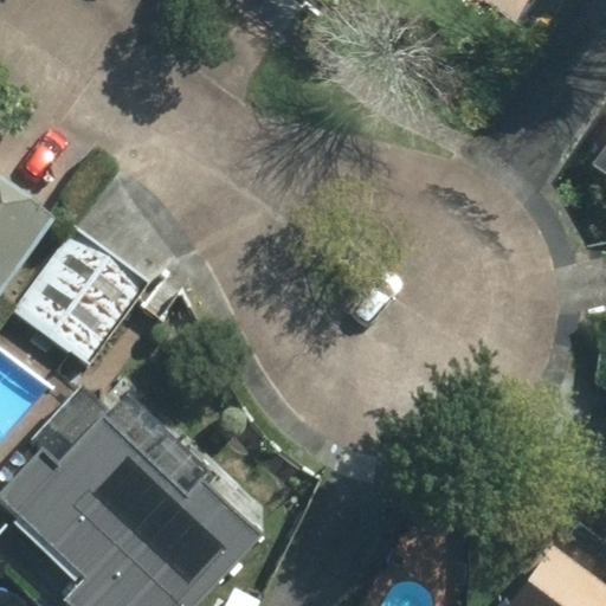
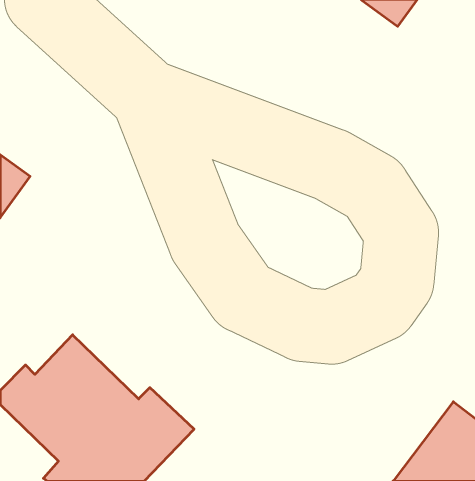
building: [20,234,146,362] -> none

